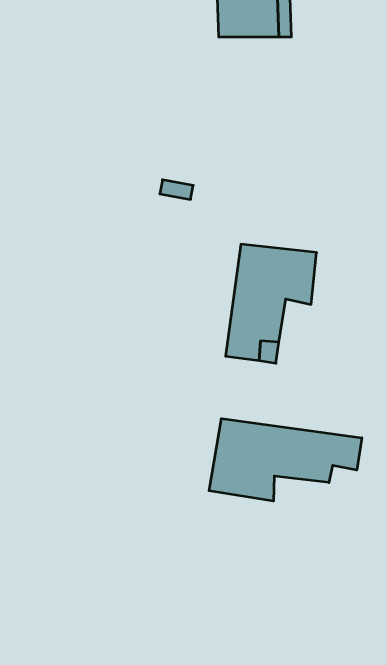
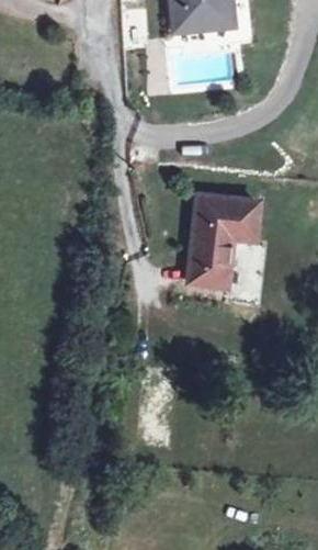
building: [209,419,362,501] -> none

